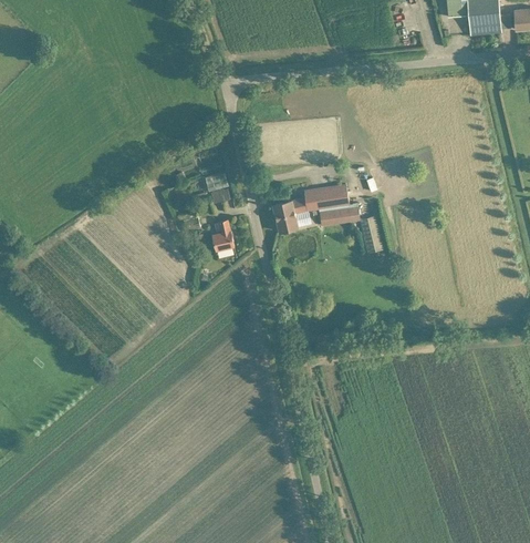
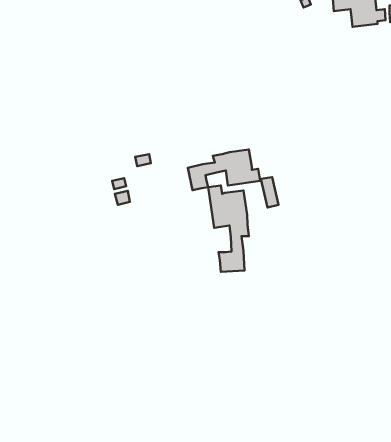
building: [212,221,233,252] -> none
building: none -> [208,186,249,272]

